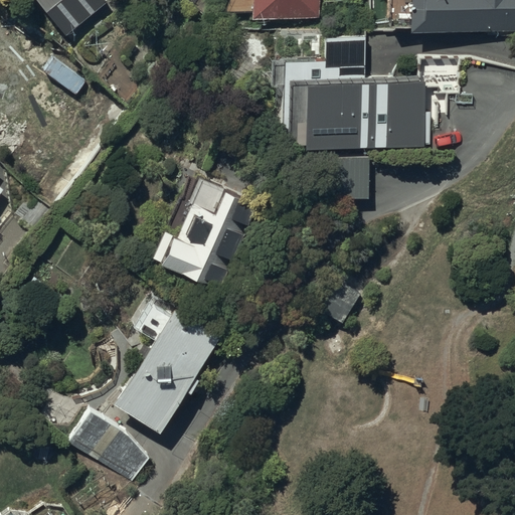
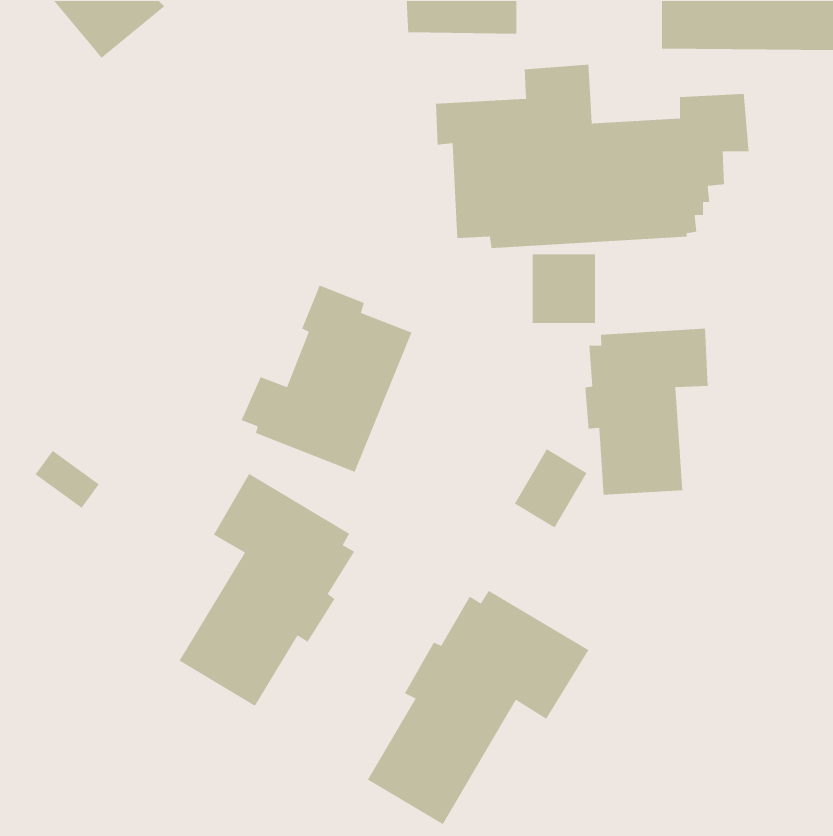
building: none -> [584,328,709,495]
building: none -> [367,590,589,825]
building: [70,407,150,481] -> none

